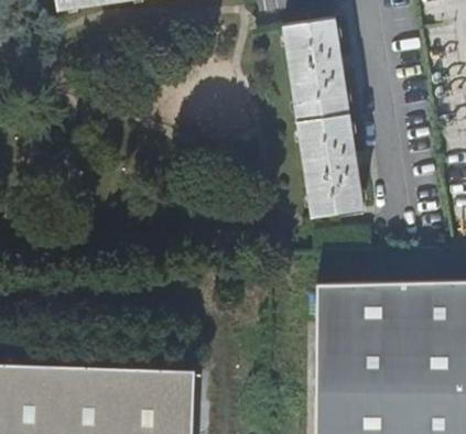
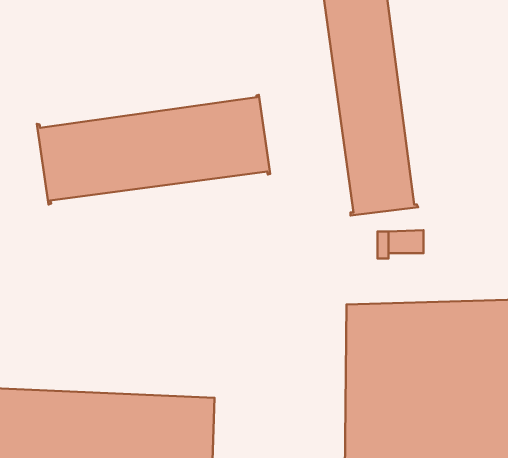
building: none -> [37,95,270,204]

